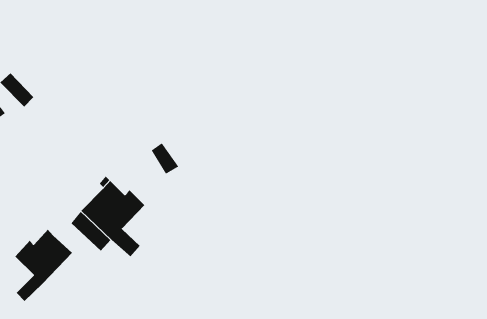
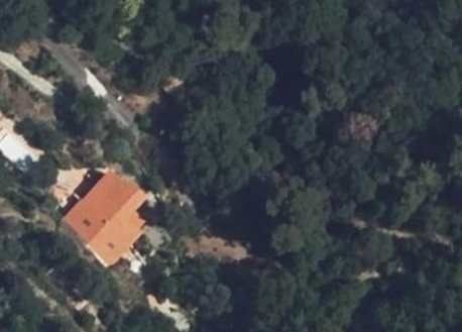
building: [14,229,73,302] -> none

